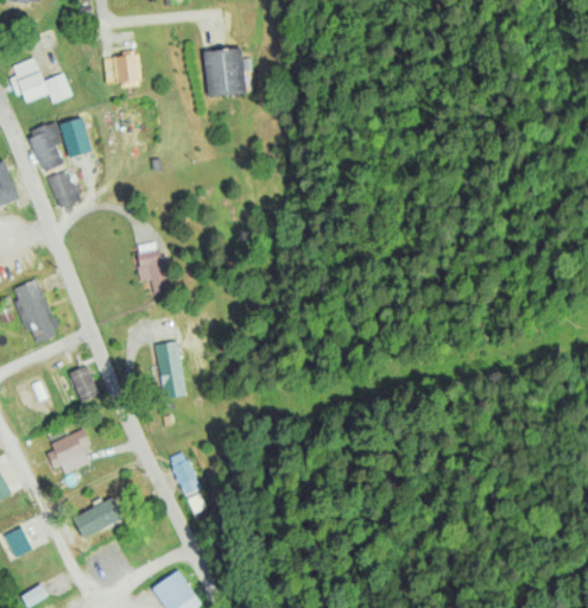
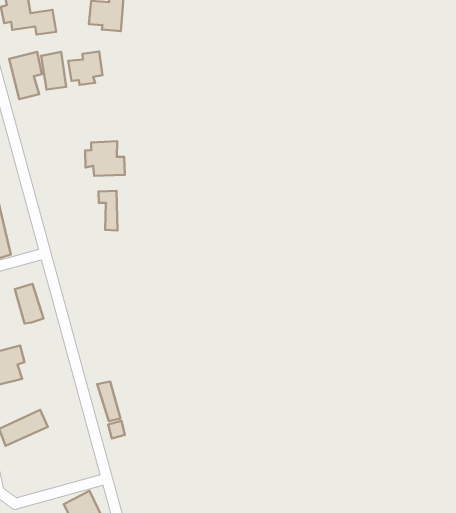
building: [203,48,245,95] -> none
building: none -> [68,51,103,85]
building: [48,167,81,207] -> none
building: none -> [85,141,125,176]
building: [151,343,184,398] -> none

